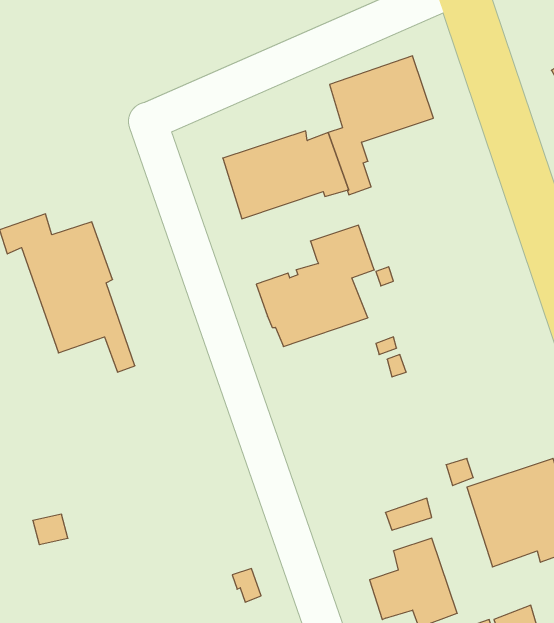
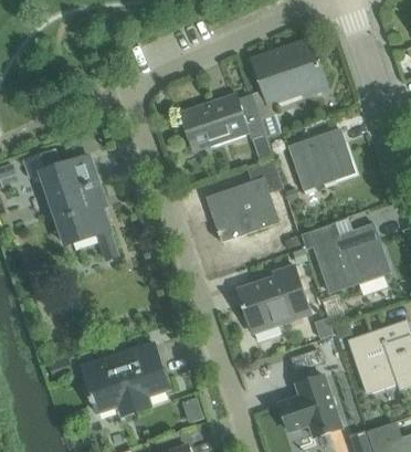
building: none -> [288,127,356,189]
building: none -> [299,222,389,292]
building: none -> [236,264,312,333]
building: none -> [83,343,169,417]

